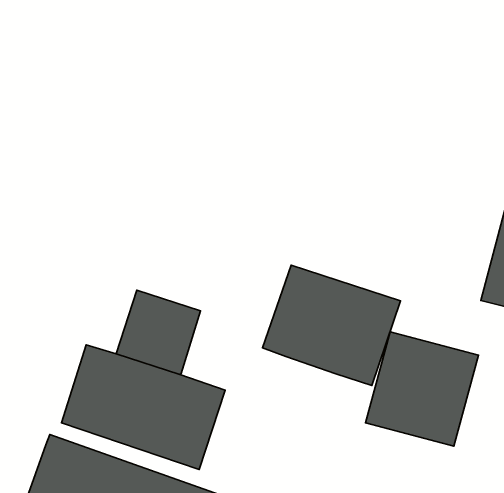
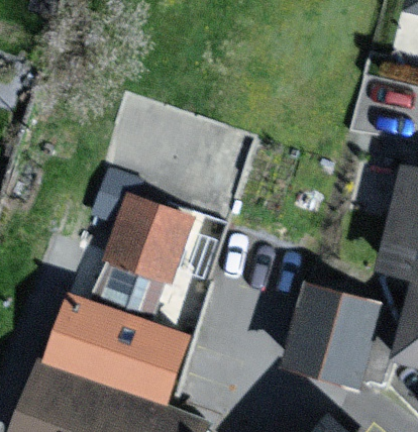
building: none -> [108,197,185,274]
building: [263,265,400,386] -> none

